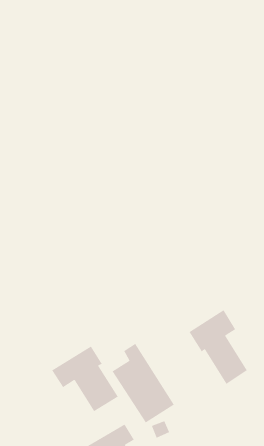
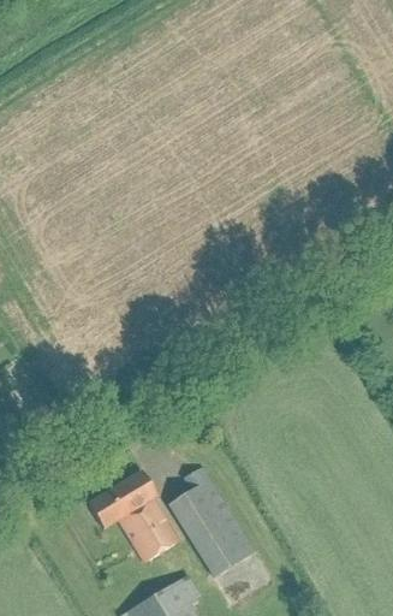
building: [188,309,248,385] -> none

